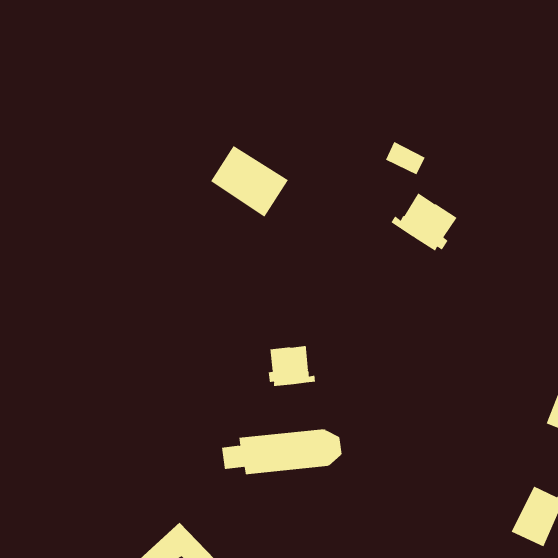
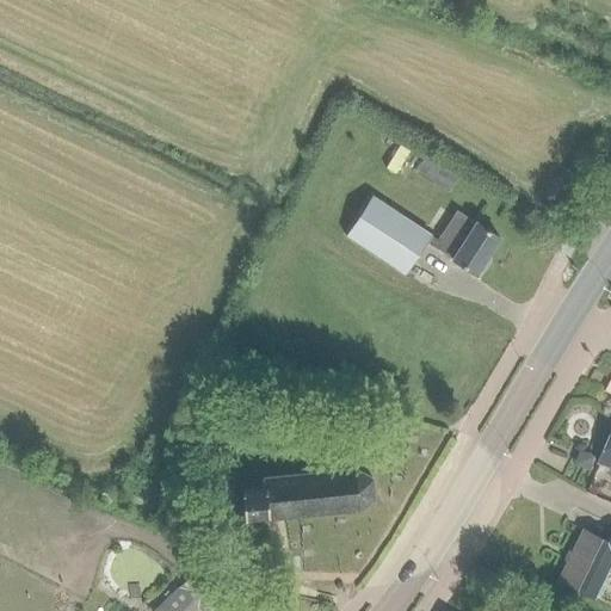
building: [210,145,289,217] -> [346,198,432,277]
building: [268,345,316,387] -> none

